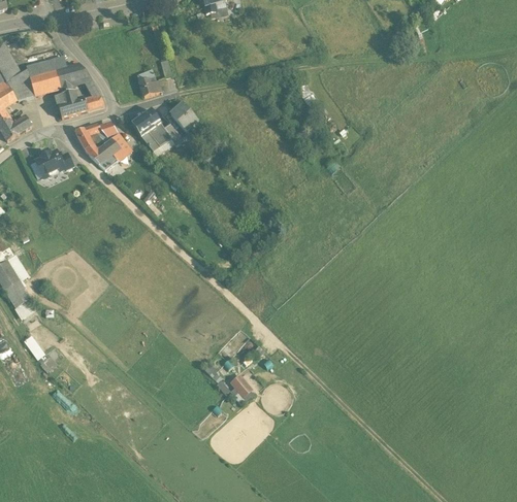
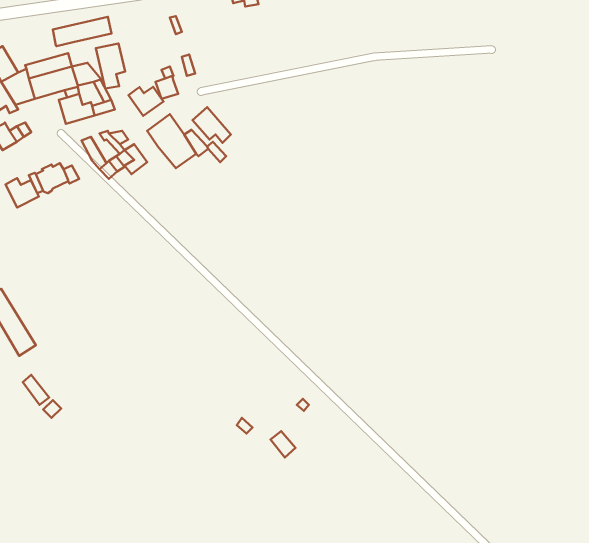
building: none -> [53,17,111,46]
building: none -> [96,43,125,89]
building: none -> [129,87,164,116]
building: none -> [5,178,39,207]

